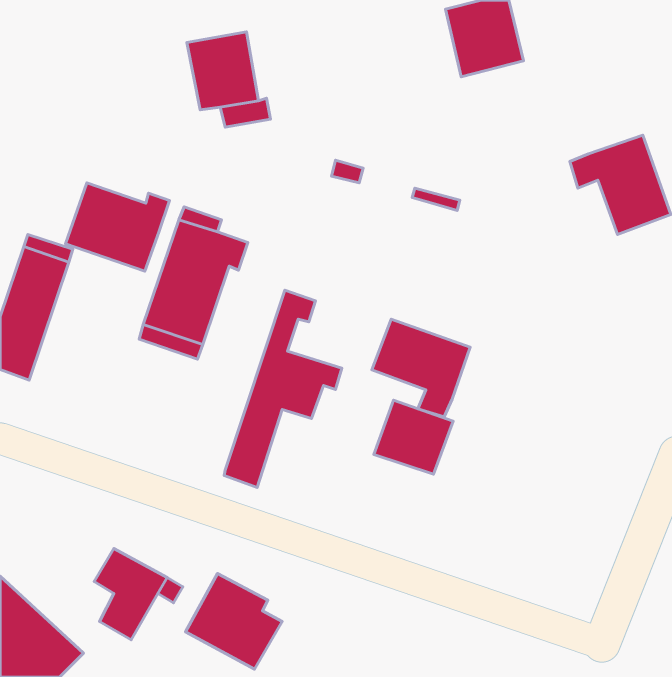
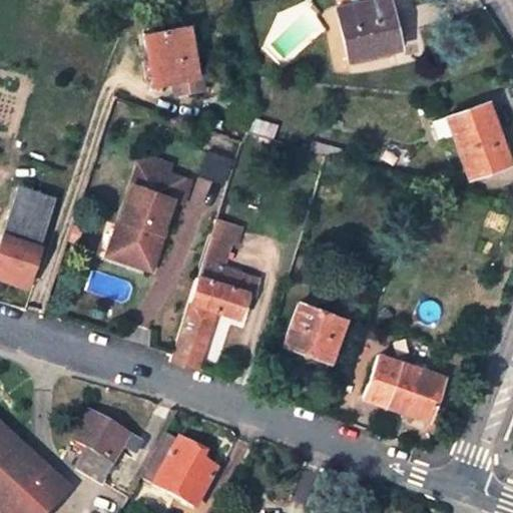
building: [65,183,170,271] -> none
building: [372,319,470,417] -> none
building: none -> [367,355,444,420]

